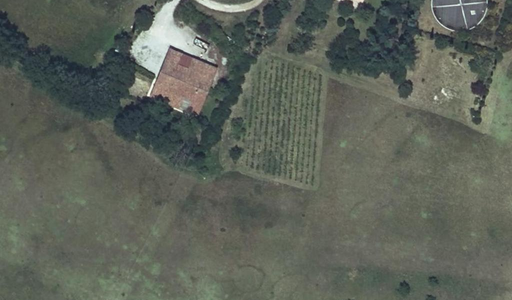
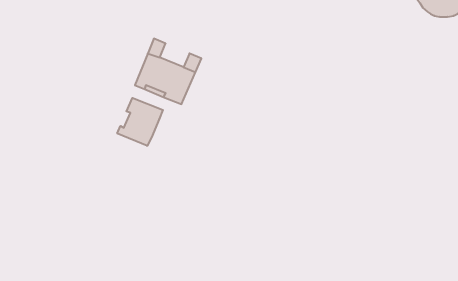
building: none -> [117,98,163,146]

